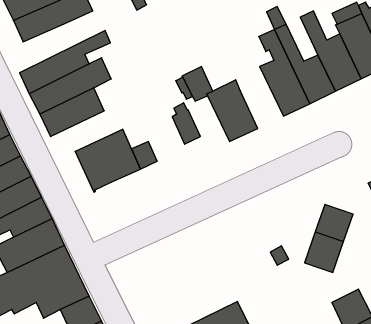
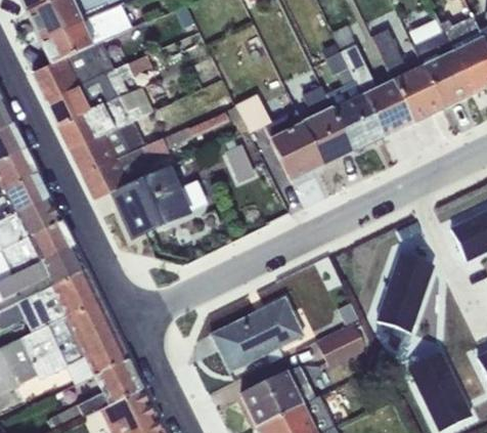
building: none -> [32,43,113,101]
building: none -> [302,86,352,166]
building: none -> [82,113,229,200]
building: none -> [210,298,304,372]
building: none -> [315,323,369,369]

